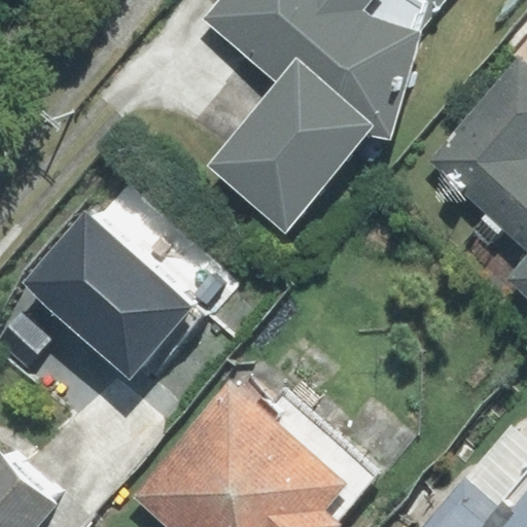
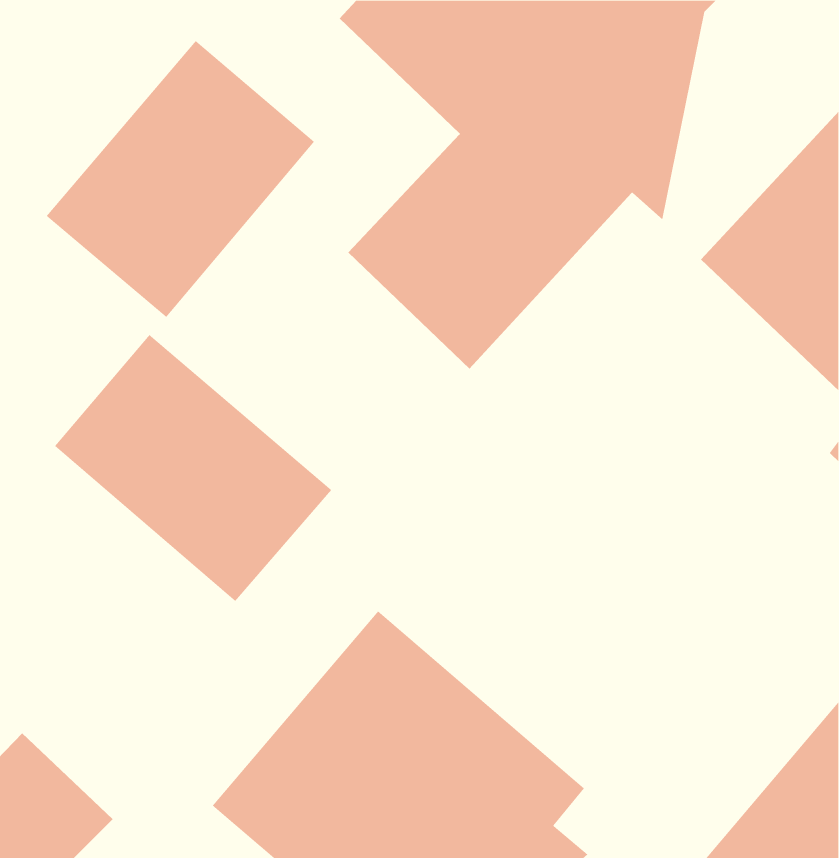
building: none -> [46,40,315,318]

